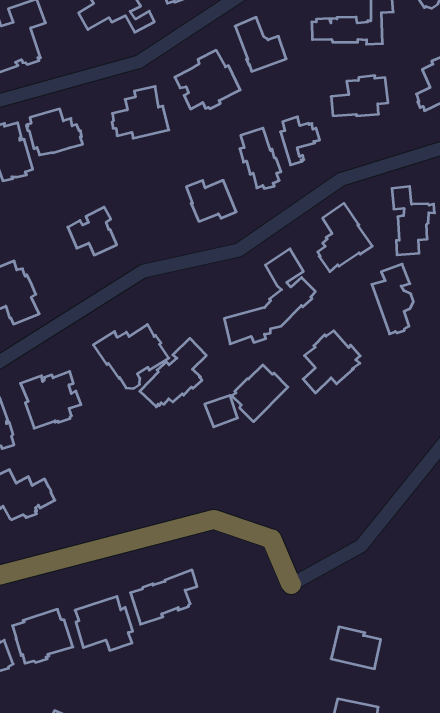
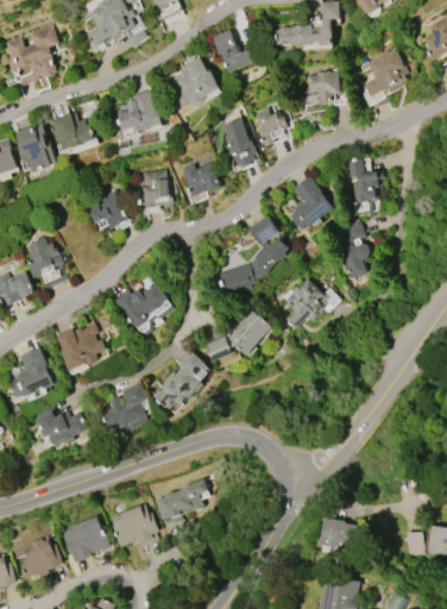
building: none -> [139,169,175,208]
building: [140,338,206,407] -> [153,351,206,408]
building: none -> [102,383,149,434]

